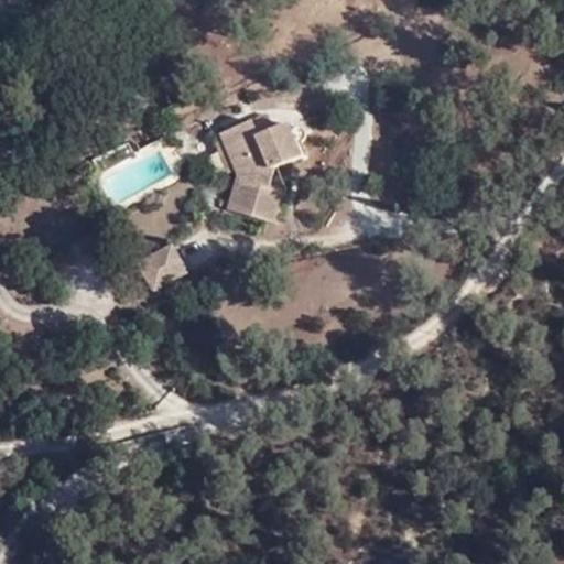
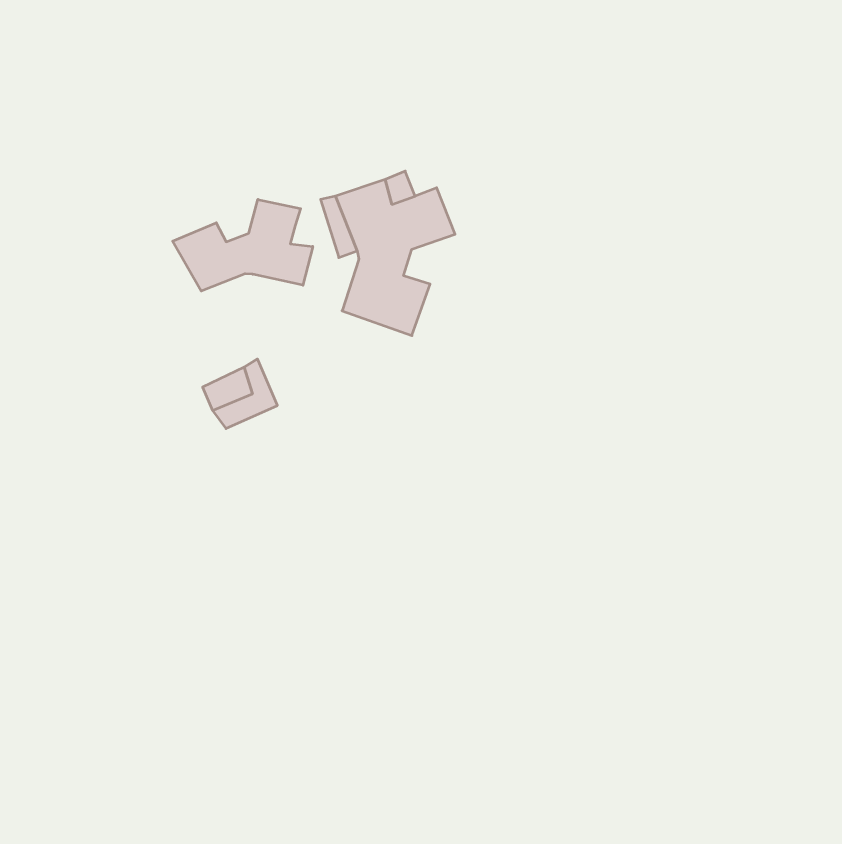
building: none -> [173,199,313,291]

